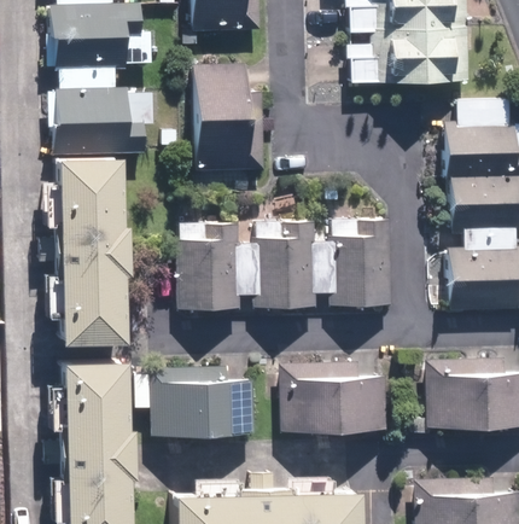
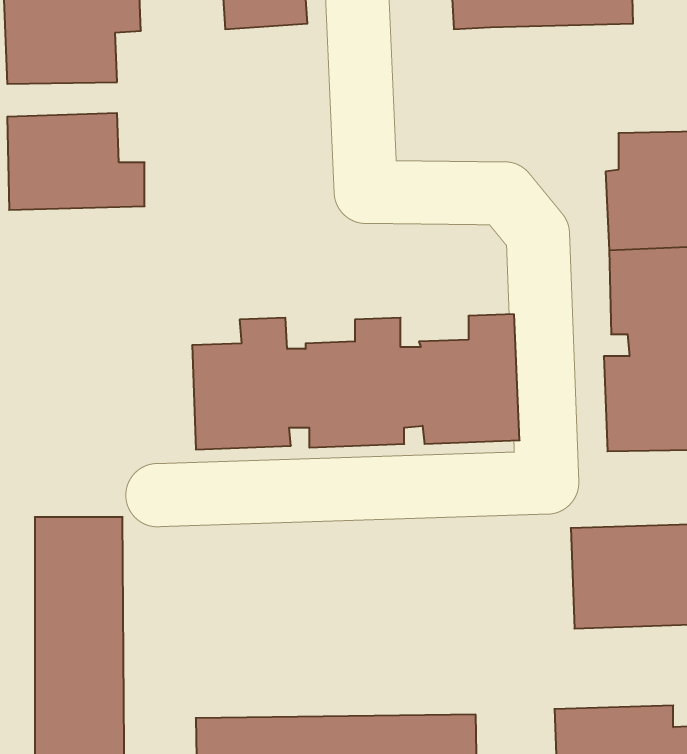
building: [348,31,468,87] -> none
building: [199,69,249,171] -> none
building: [60,157,129,338] -> none
building: [279,366,385,435] -> none
building: [150,368,252,437] -> none

